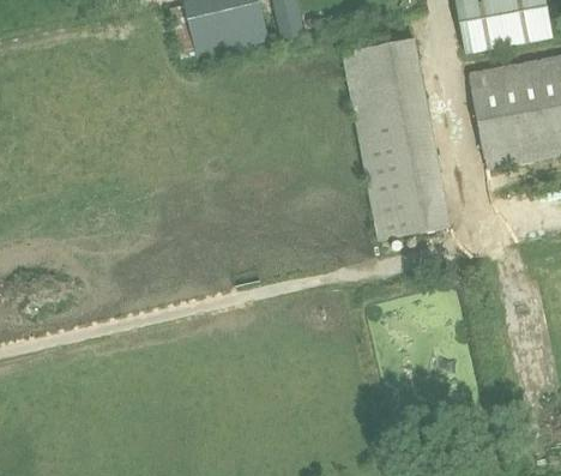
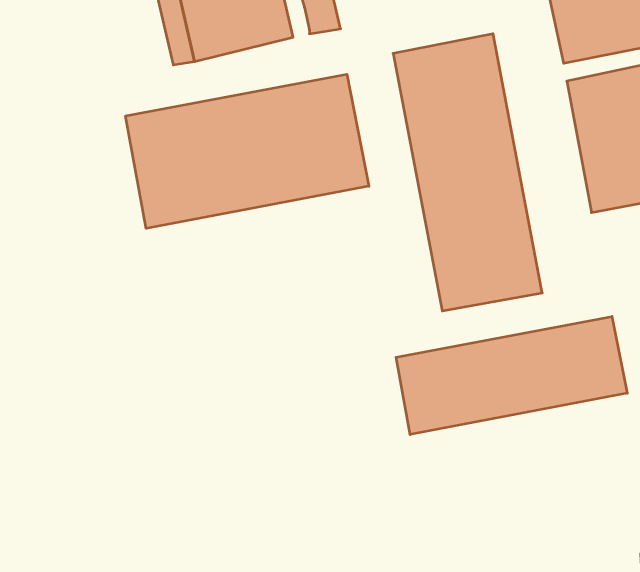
building: none -> [126,74,369,228]
building: none -> [396,316,627,435]

